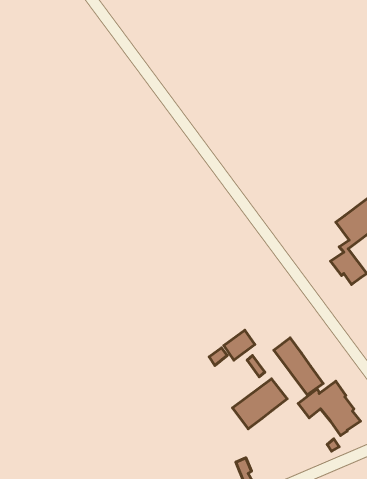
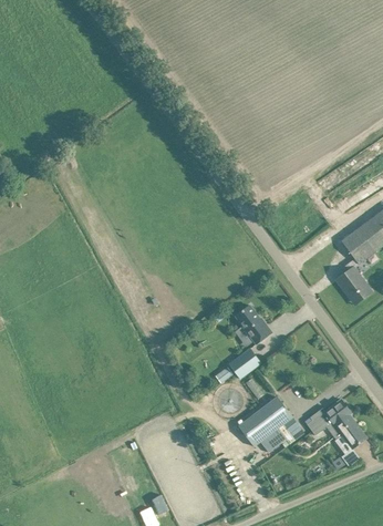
building: none -> [236,306,272,344]
building: [274,338,323,395] -> none

